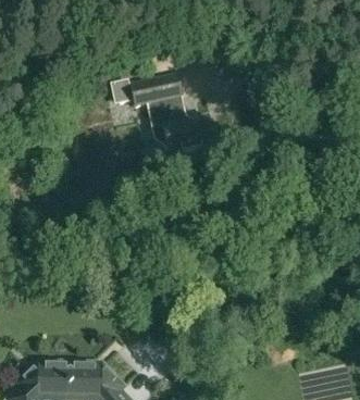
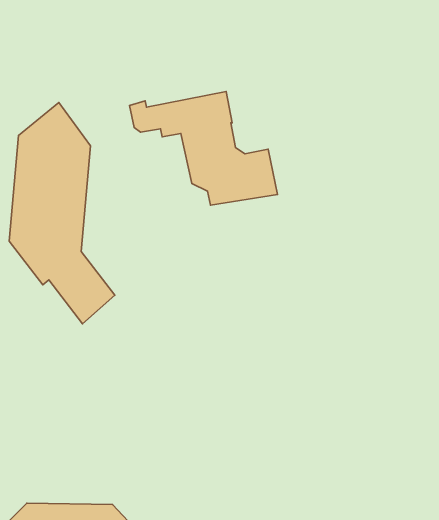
building: none -> [9,102,115,324]

